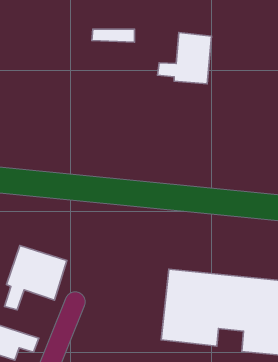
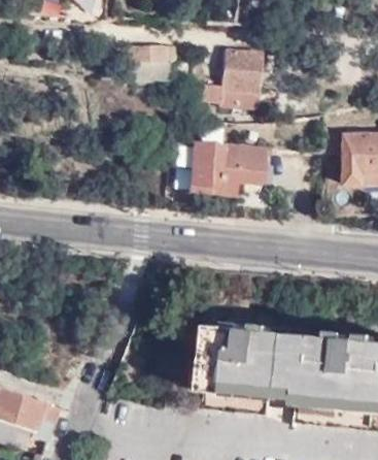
building: none -> [188,140,267,196]
building: [5,245,67,310] -> none

